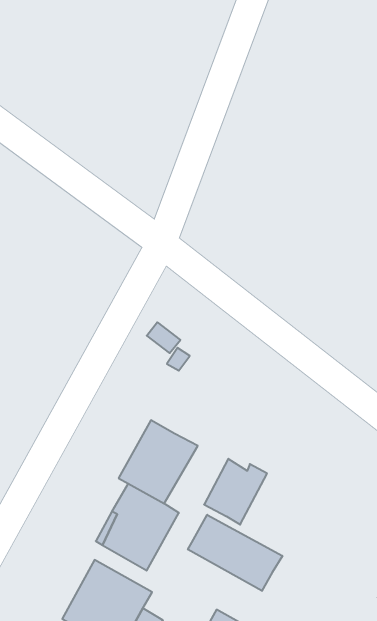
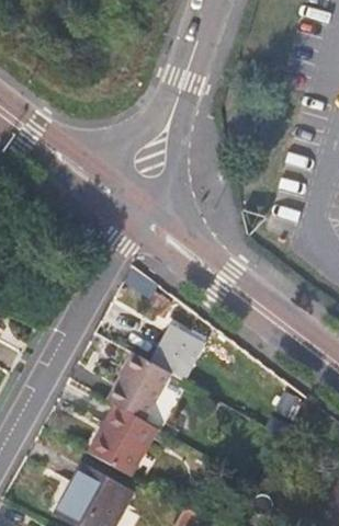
building: [204,459,267,525] -> [150,324,202,378]
building: [188,515,282,591] -> none

